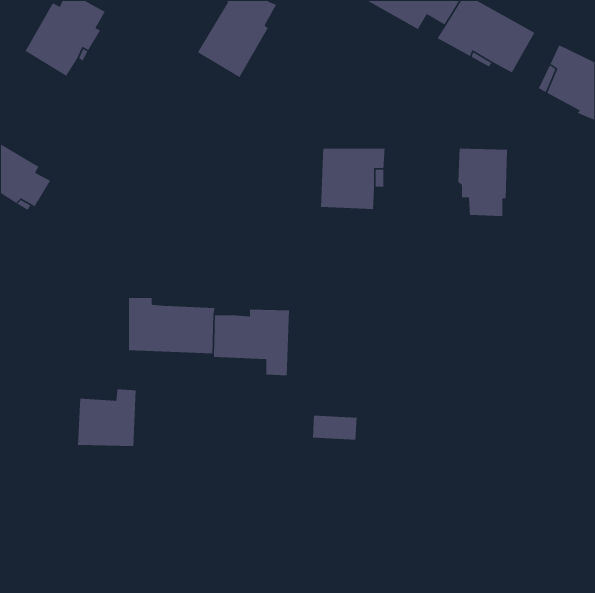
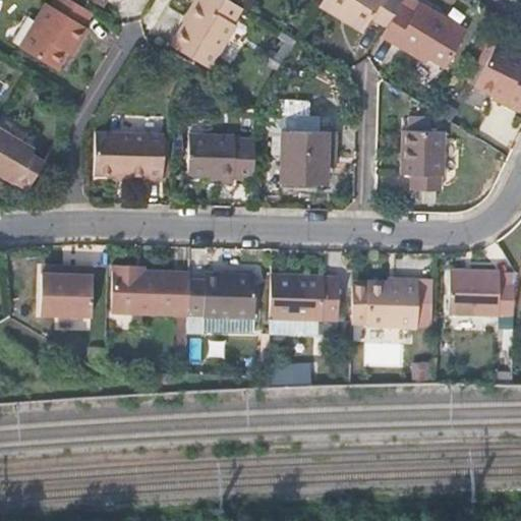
building: none -> [97,130,165,178]
building: none -> [188,132,254,180]
building: none -> [449,271,515,316]
building: none -> [269,274,337,319]
building: none -> [350,280,418,327]
building: [77,389,137,447] -> [40,263,92,313]

